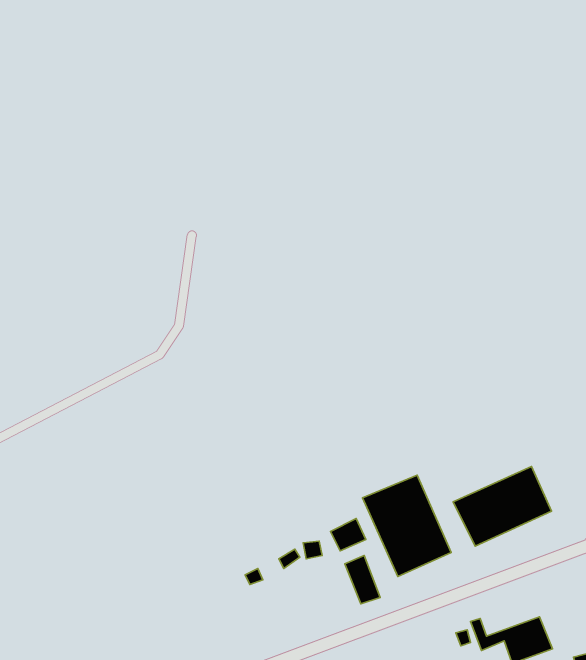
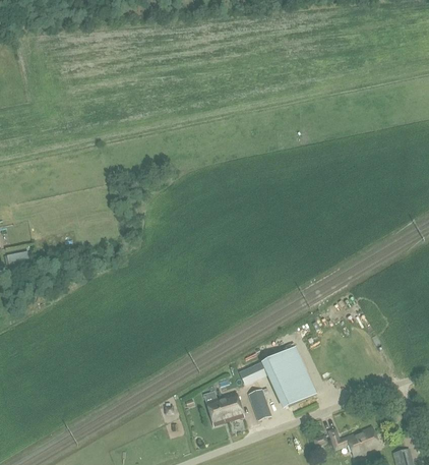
building: [453,466,551,546] -> none
building: none -> [205,393,243,424]

